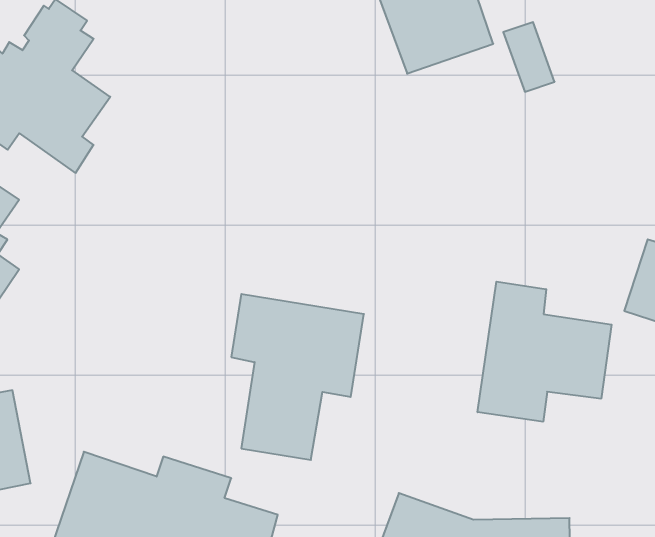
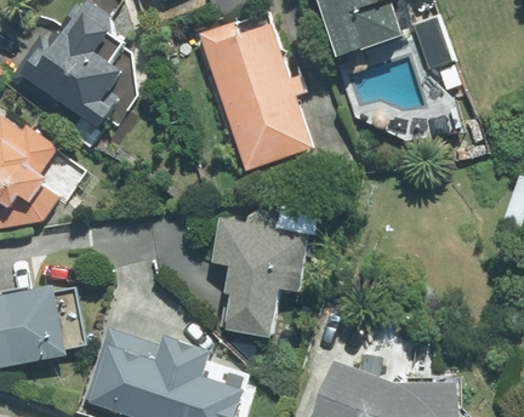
building: none -> [199,11,313,170]
building: [478,282,612,422] -> none

